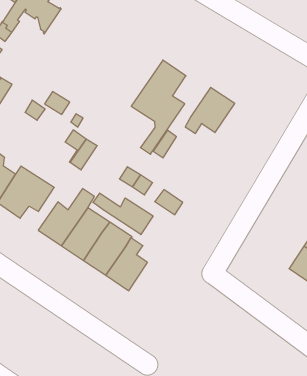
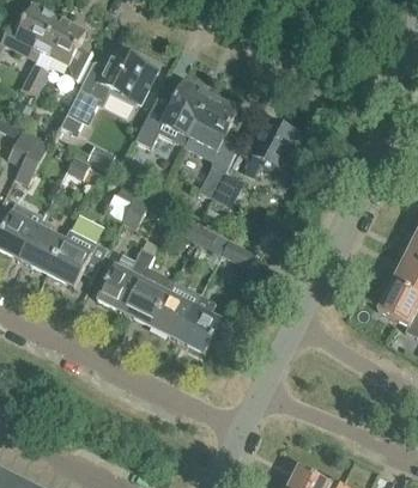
building: none -> [59,48,157,135]
building: none -> [134,81,211,152]
building: [93,193,153,235] -> none

